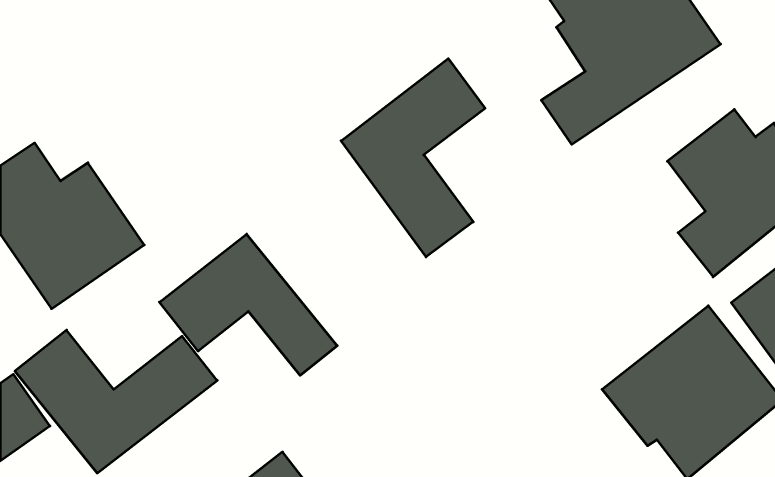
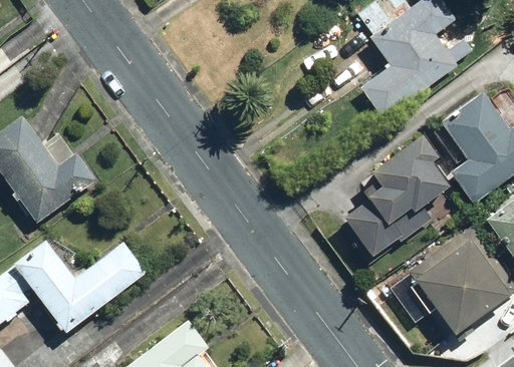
building: [341,59,485,257] -> none
building: none -> [355,135,451,259]
building: [159,234,337,375] -> none

